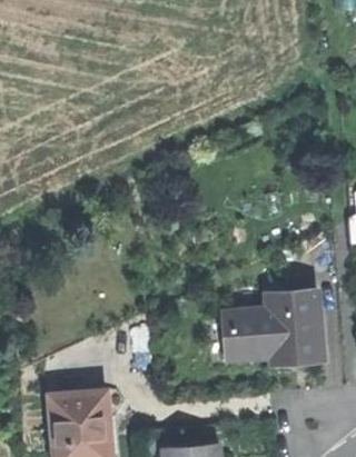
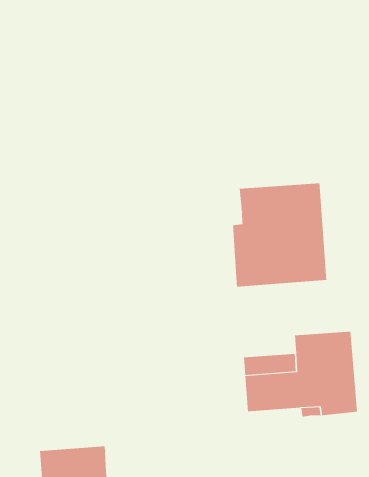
building: none -> [232,183,327,287]

